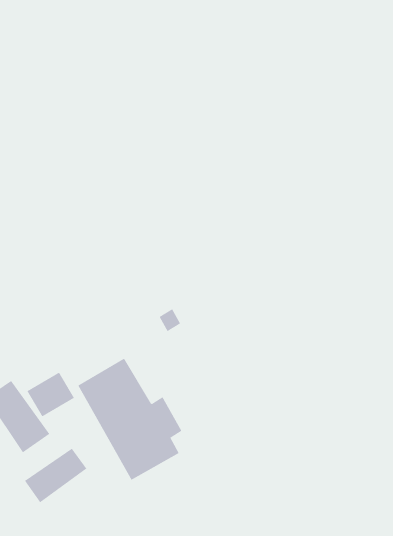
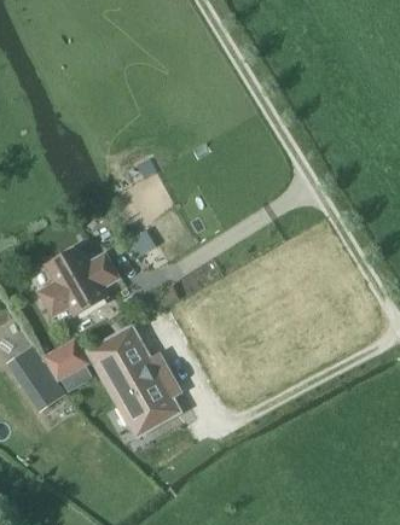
building: none -> [37,244,118,315]
building: [24,448,87,503] -> none

